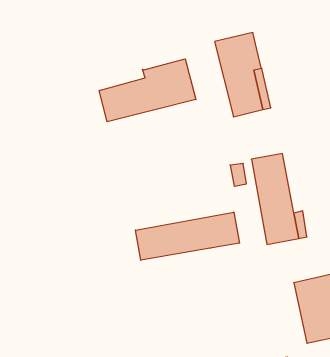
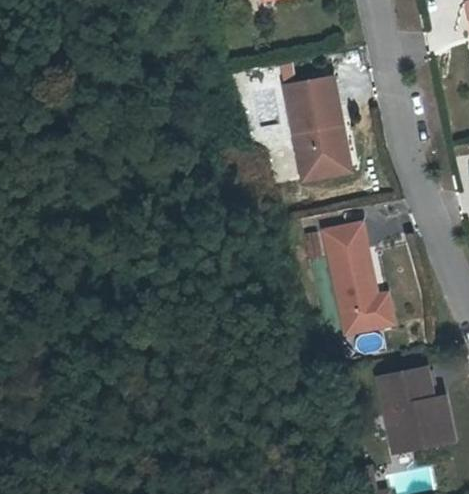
building: [99,59,196,122] -> none
building: [135,212,240,260] -> none

